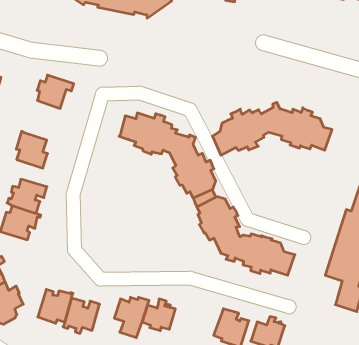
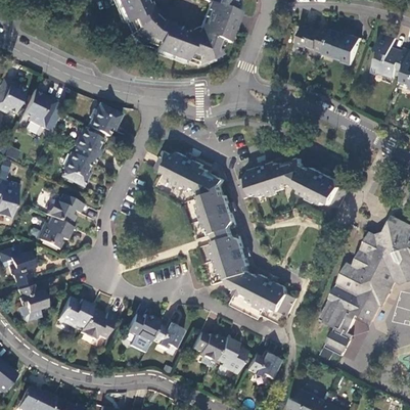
building: none -> [72,128,101,164]
building: none -> [192,332,225,362]

